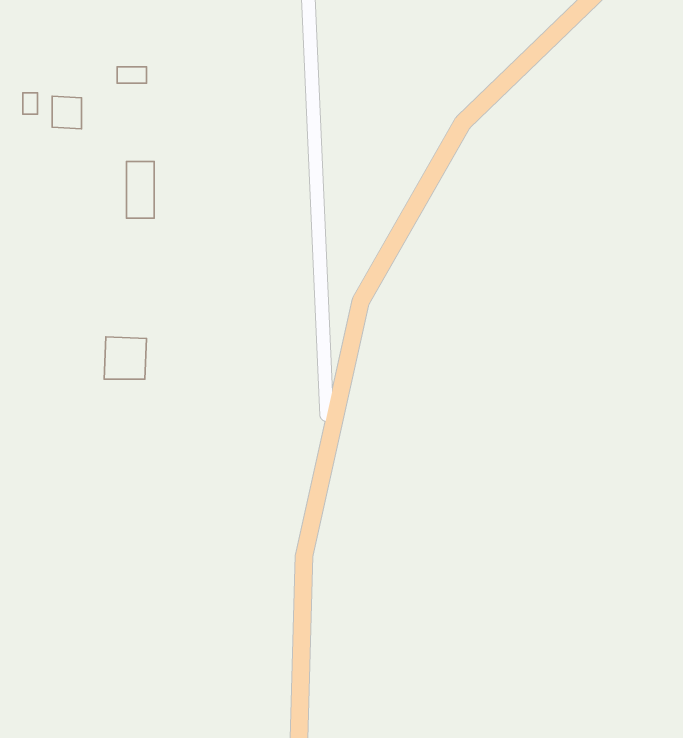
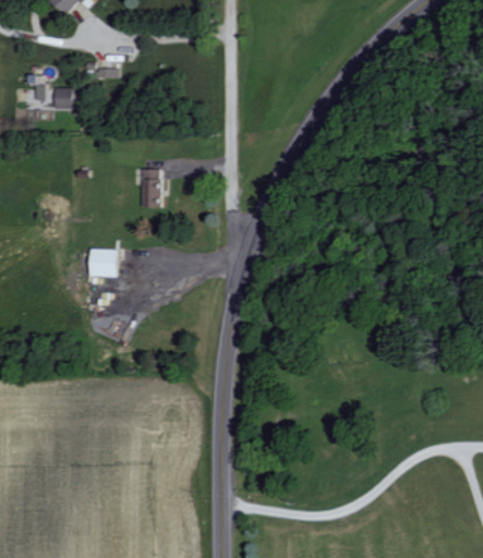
building: [127,161,154,218] -> [142,169,160,207]

